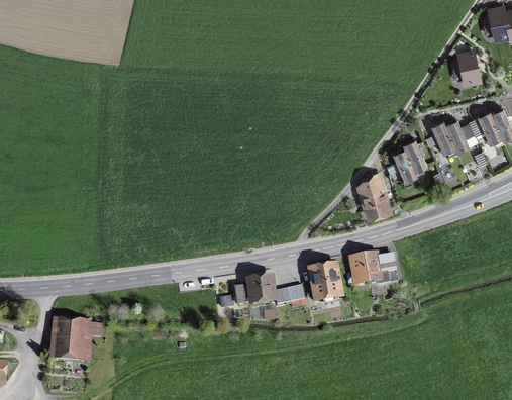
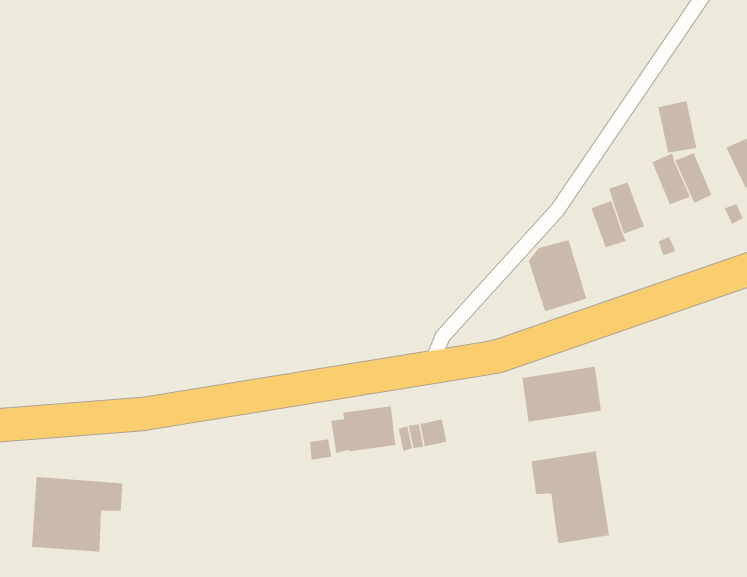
building: [457,53,482,85] -> [658,101,697,153]
building: [306,260,342,300] -> none
building: none -> [531,450,609,544]

